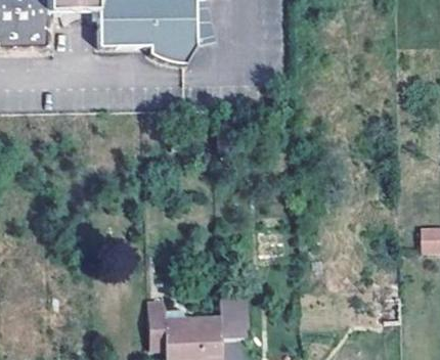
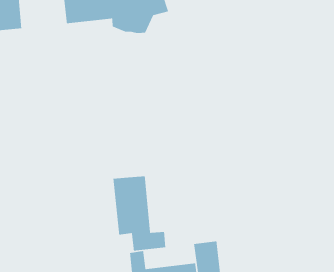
building: none -> [112,176,166,251]

